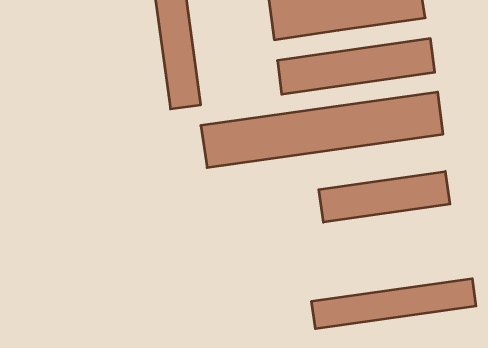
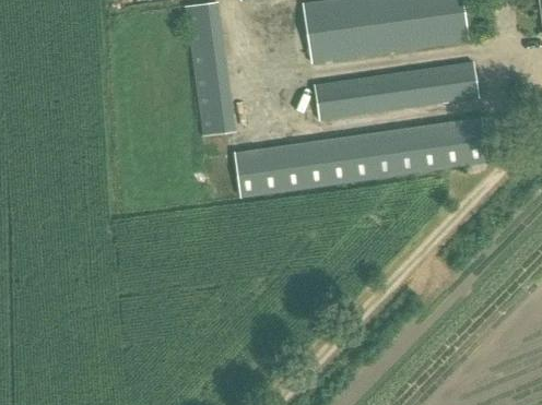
building: [319,171,450,222] -> none
building: [312,279,476,329] -> none

